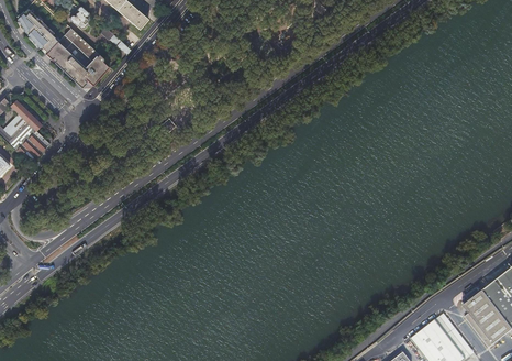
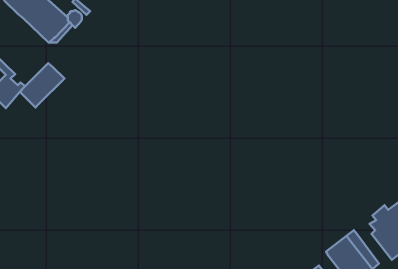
building: none -> [20,63,64,107]

